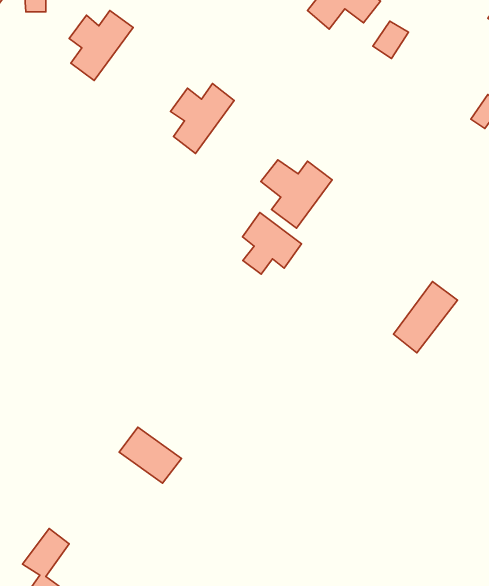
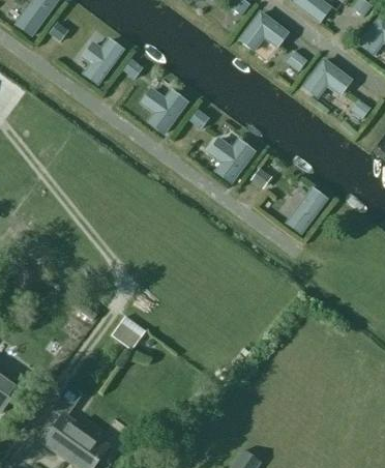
building: none -> [302,58,352,98]
building: [242,213,302,274] -> none
building: [394,281,457,353] -> [286,187,328,235]

